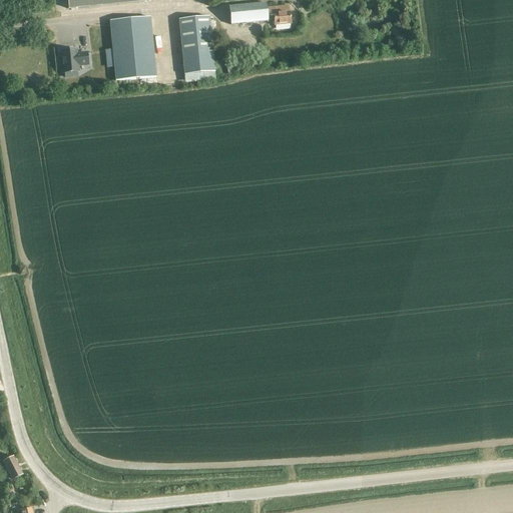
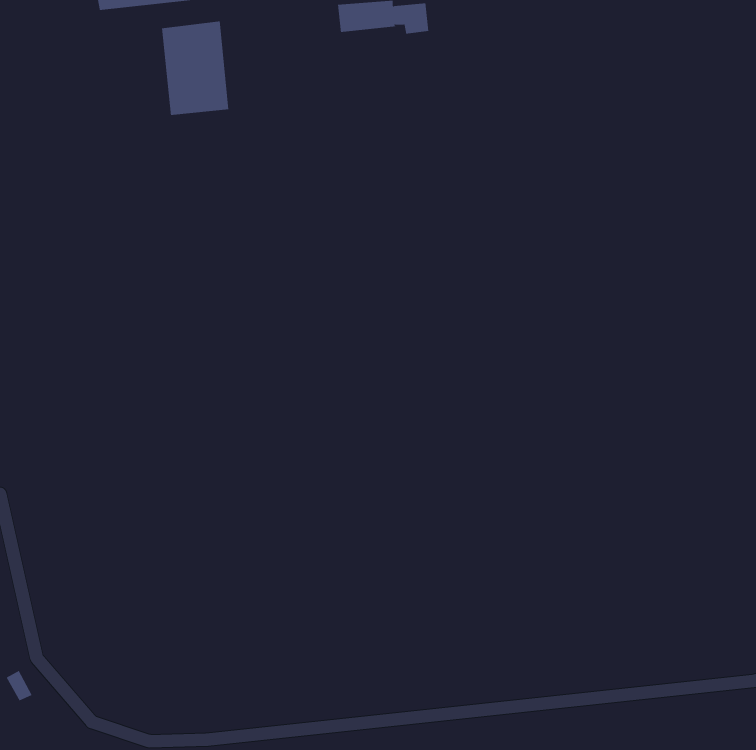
building: [179,14,214,71] -> none
building: [59,47,87,69] -> none

